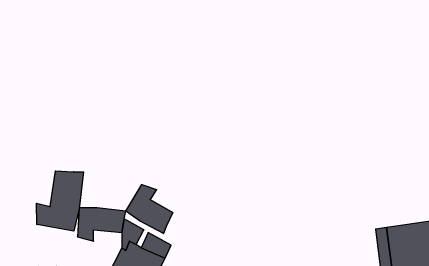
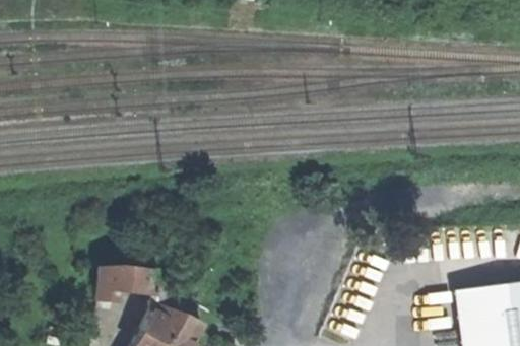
building: [36,171,83,231] -> none
building: [126,185,173,234] -> none

